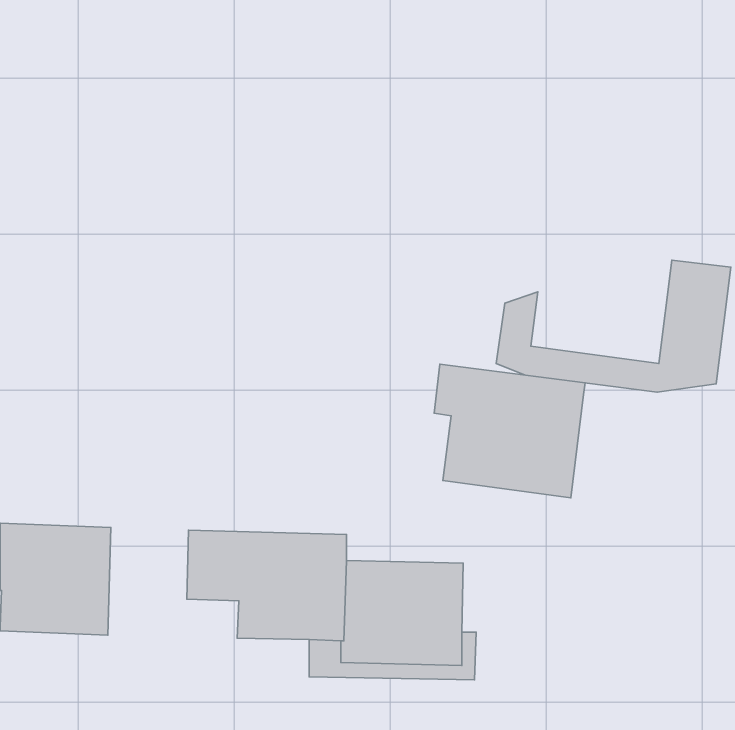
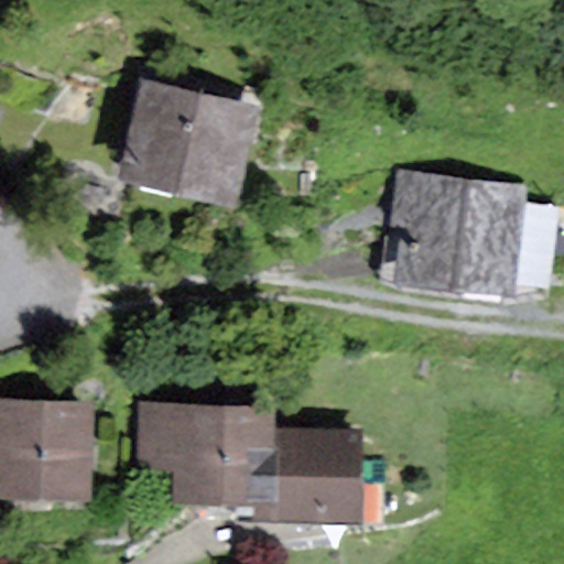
building: none -> [131,85,248,187]
building: [434,364,585,498] -> [400,176,516,279]

